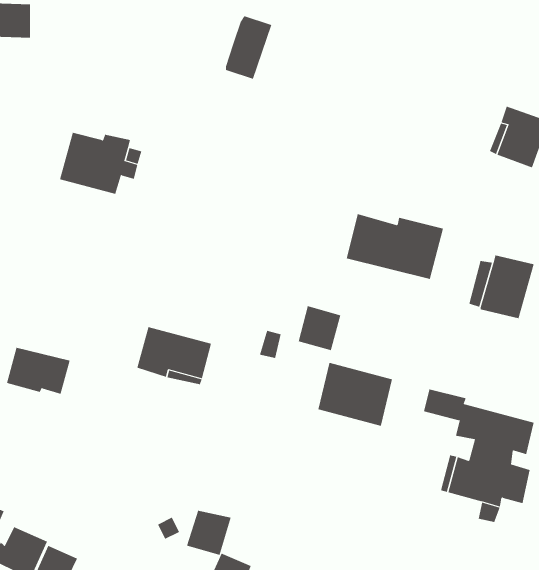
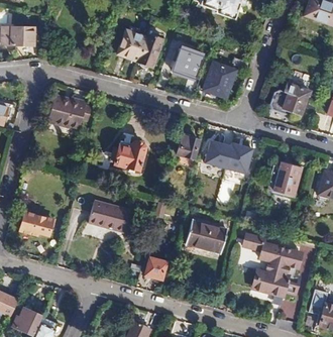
building: none -> [117,29,144,61]
building: none -> [171,41,204,79]
building: none -> [202,61,236,98]
building: none -> [112,139,144,170]
building: [298,306,341,351] -> [177,134,200,158]
building: [186,510,231,555] -> [144,254,169,278]

